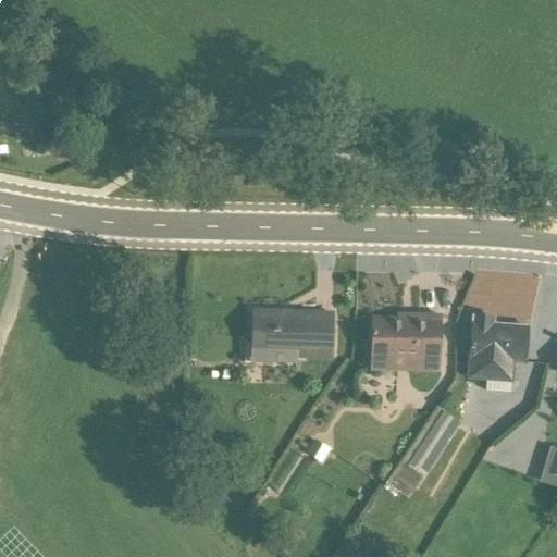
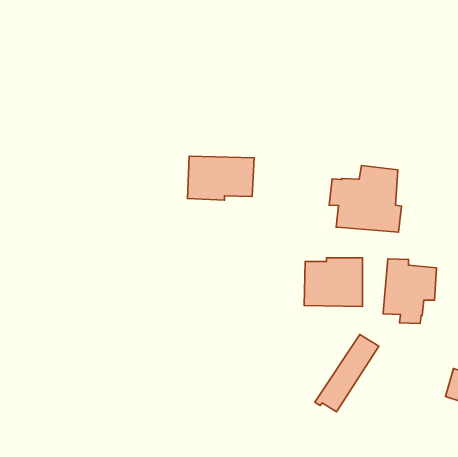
building: none -> [329,166,401,232]
building: [252,309,333,362] -> [188,156,254,200]

